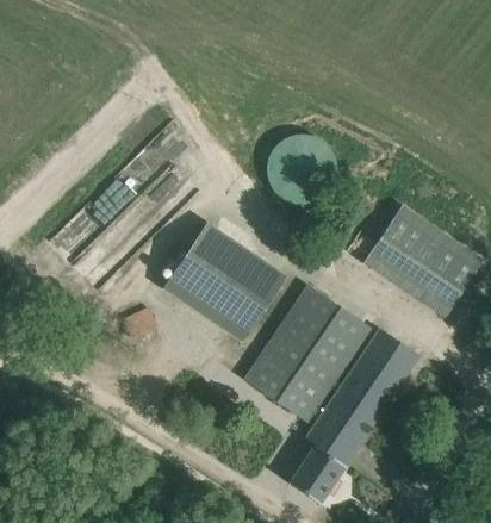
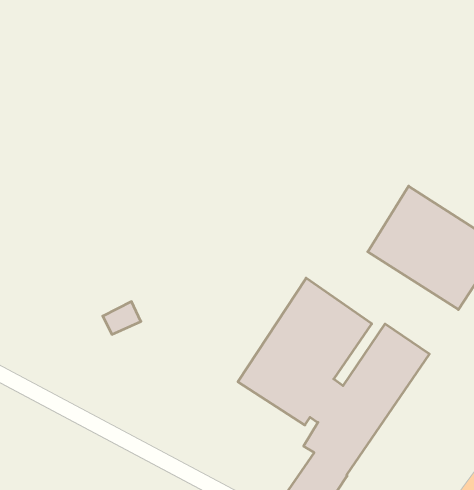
building: [266,135,337,204] -> none
building: [164,224,286,342] -> none

